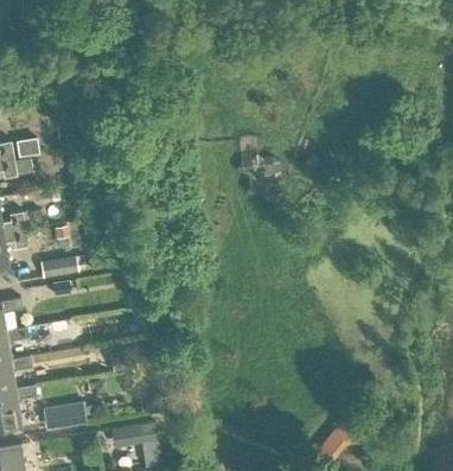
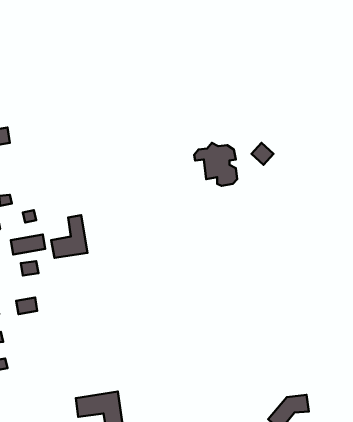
building: none -> [51,215,88,258]
building: [43,403,85,431] -> none

